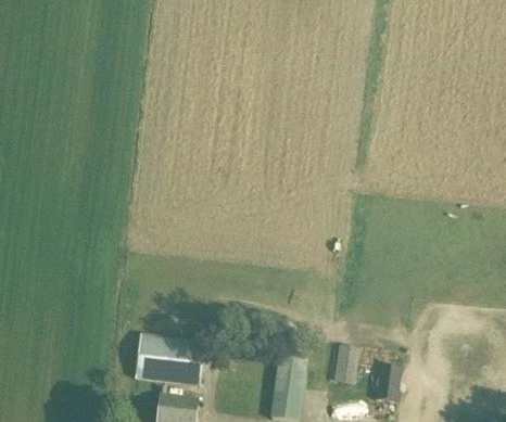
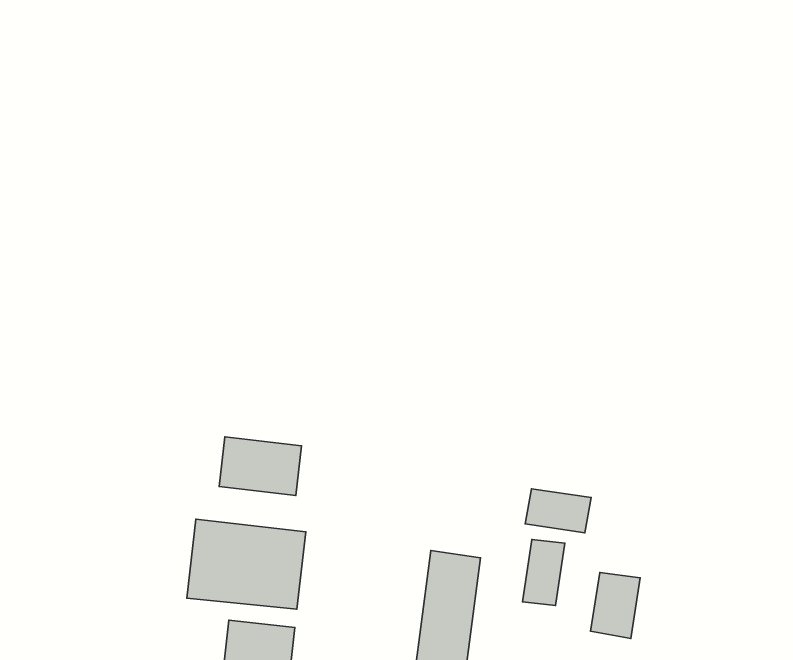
building: none -> [219,437,301,495]
building: none -> [525,489,591,533]

